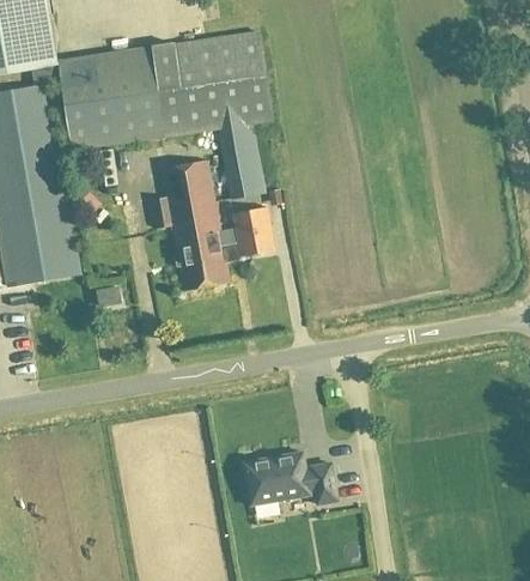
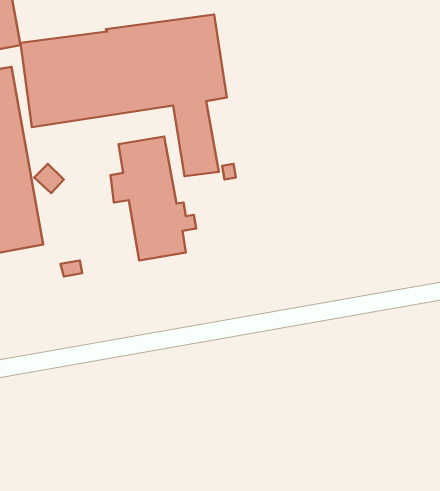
building: [227,206,273,258] -> none
building: [242,452,337,506] -> none

